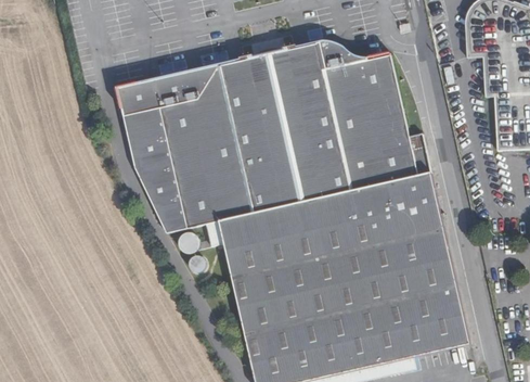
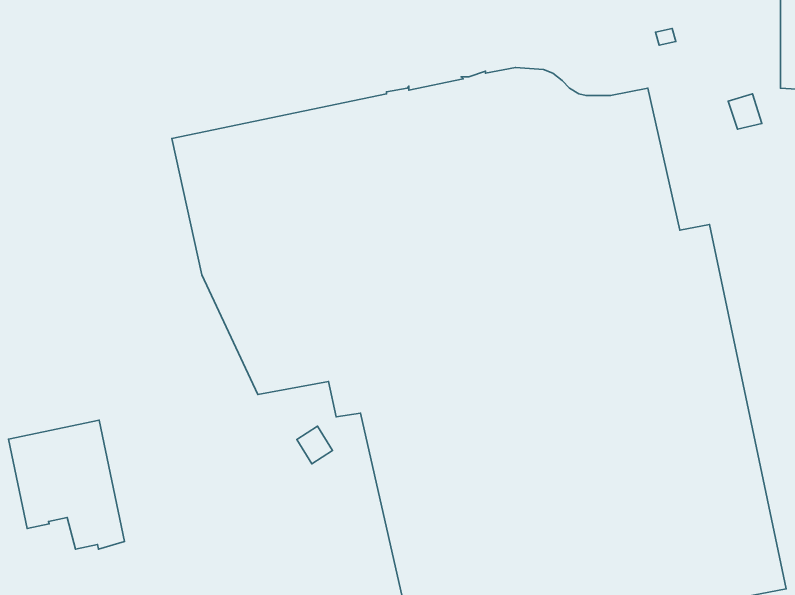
building: none -> [8,420,125,549]

